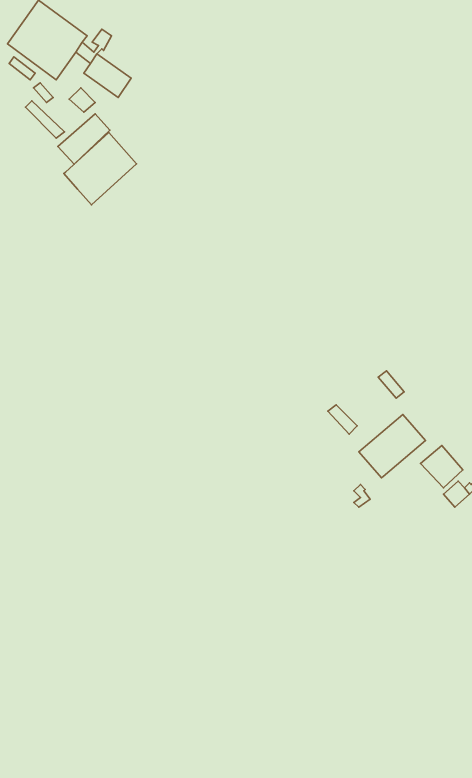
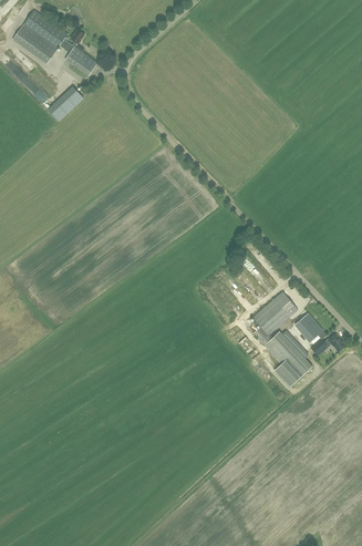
building: [64,133,136,205] -> none
building: none -> [254,326,311,385]

